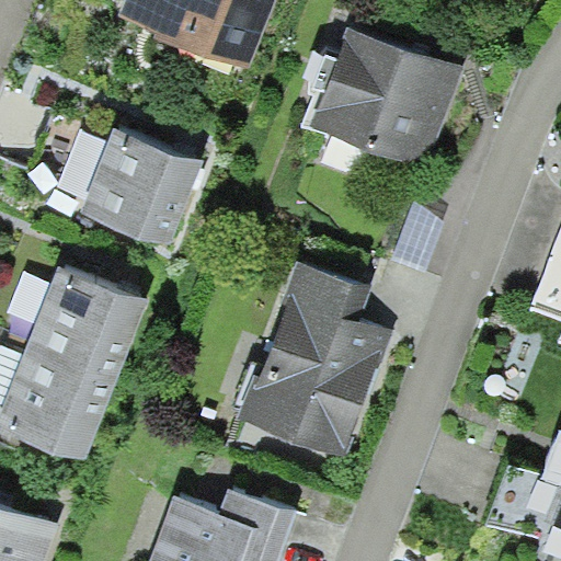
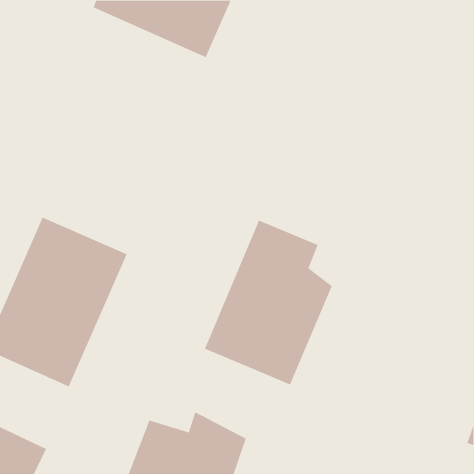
building: [312,27,455,167] -> none
building: [79,126,197,243] -> none

